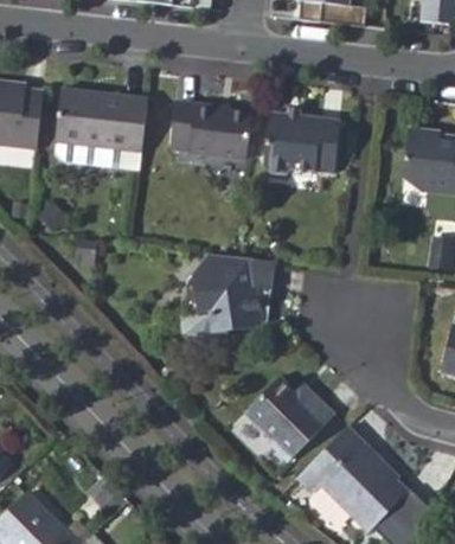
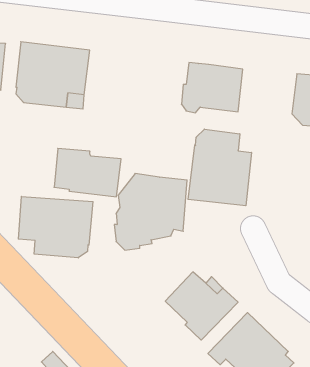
building: [168,97,252,158] -> [54,148,121,197]
building: none -> [188,129,251,206]
building: none -> [18,196,93,258]

